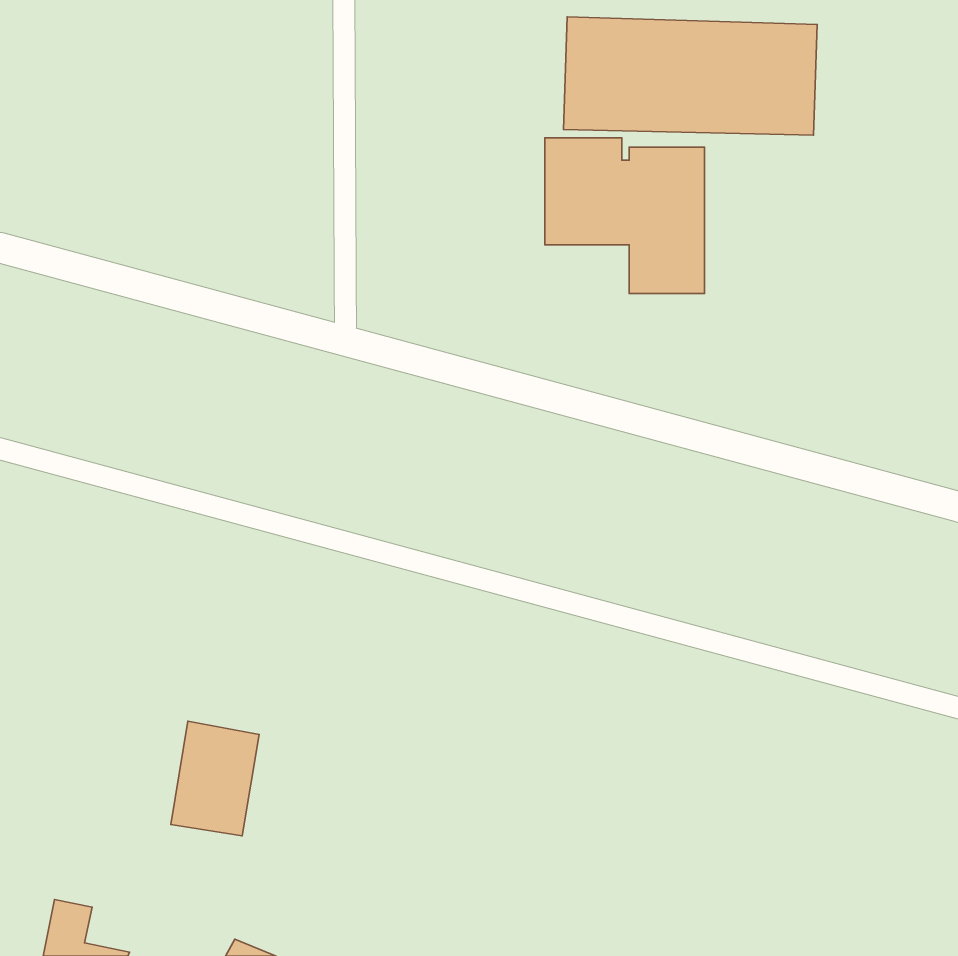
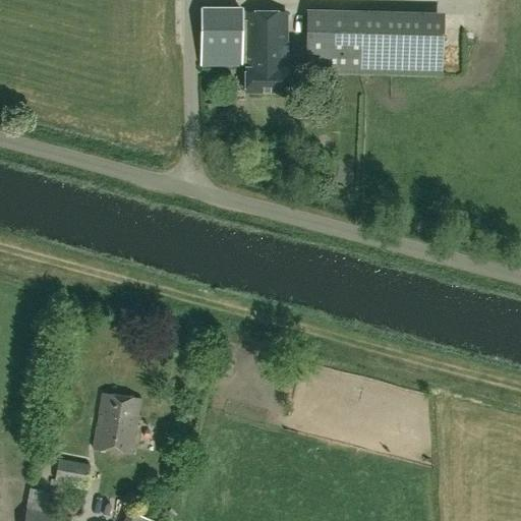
building: [545,138,704,294] -> [200,5,287,90]
building: none -> [56,458,92,483]

